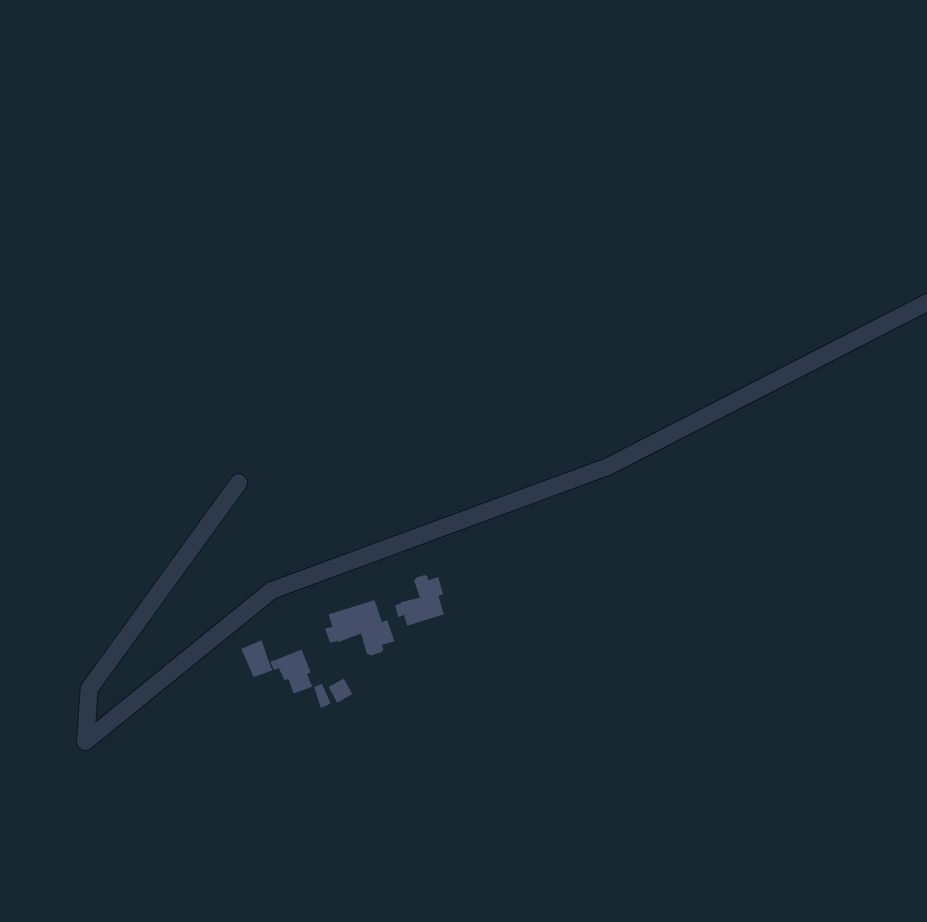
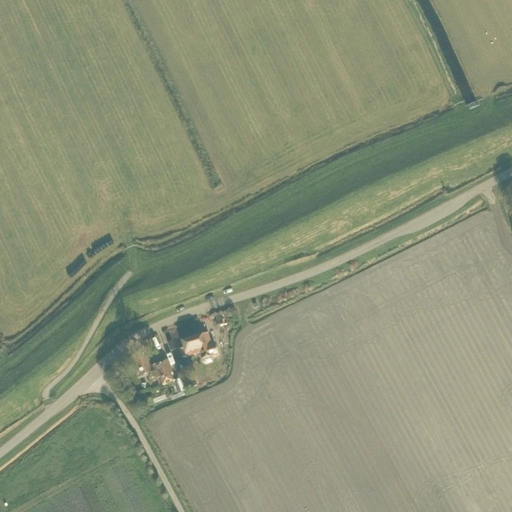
building: [395,574,445,626] -> none

